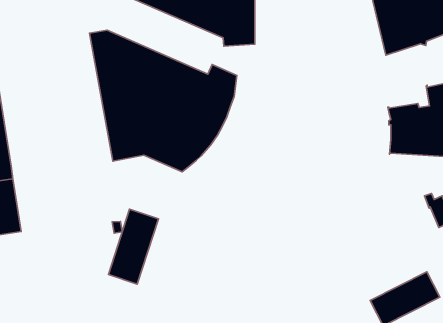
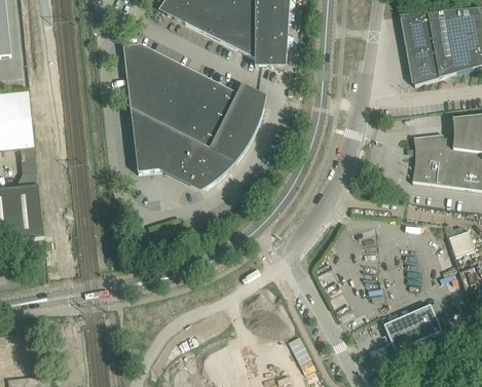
building: [108,209,158,284] -> none

